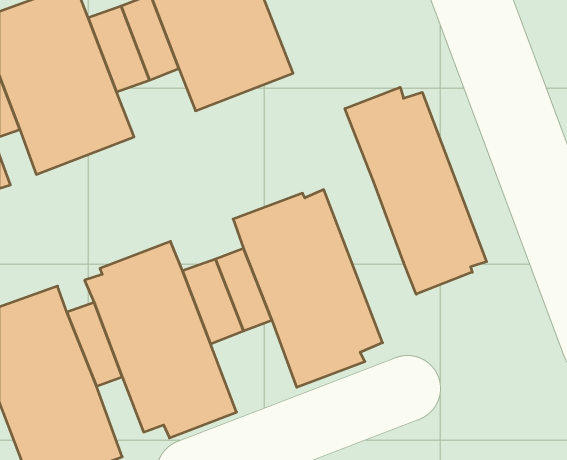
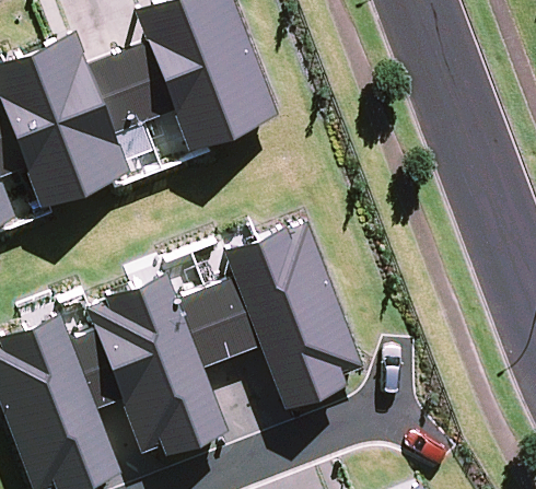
building: [345,87,487,294] -> none

